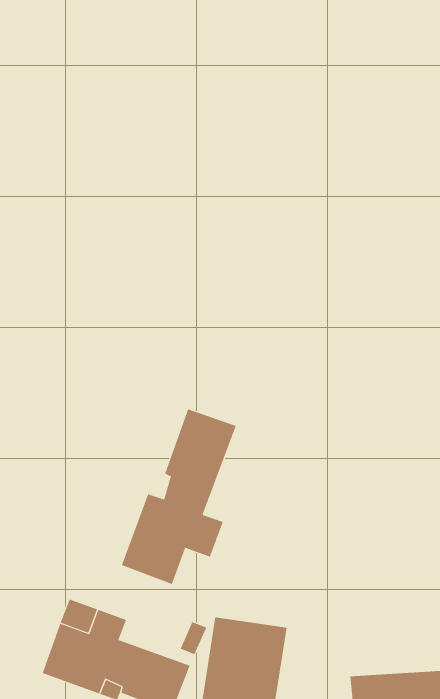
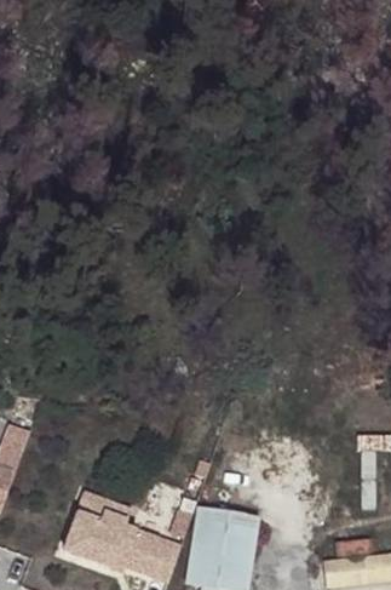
building: [121,409,236,585] -> none

